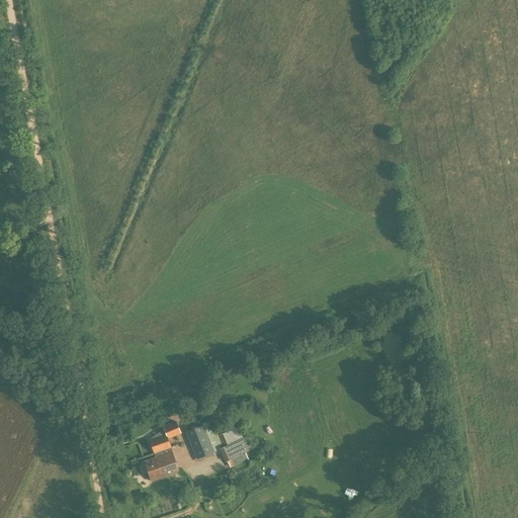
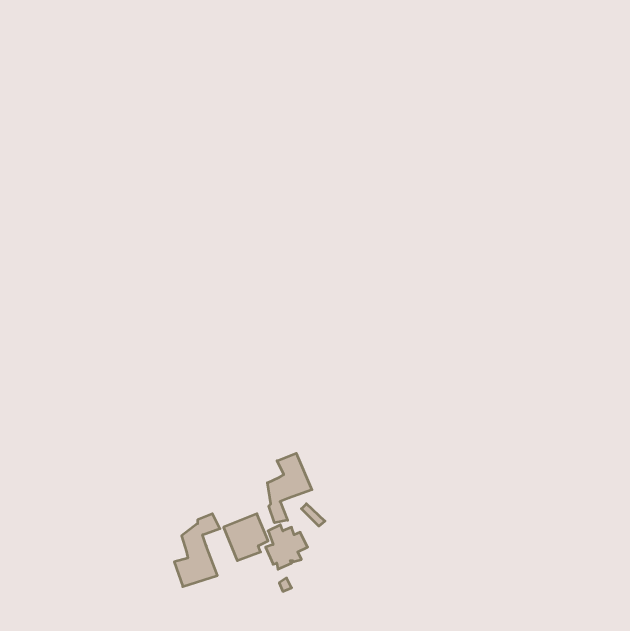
building: none -> [267,453,312,523]

